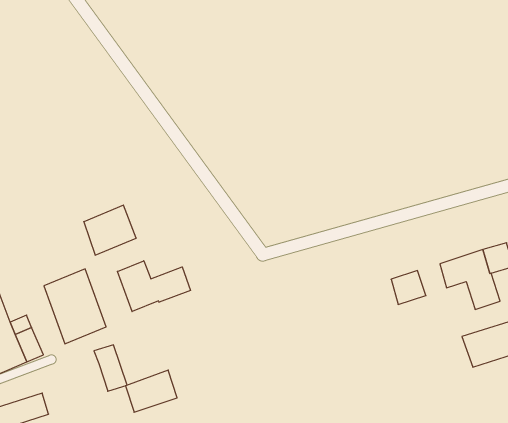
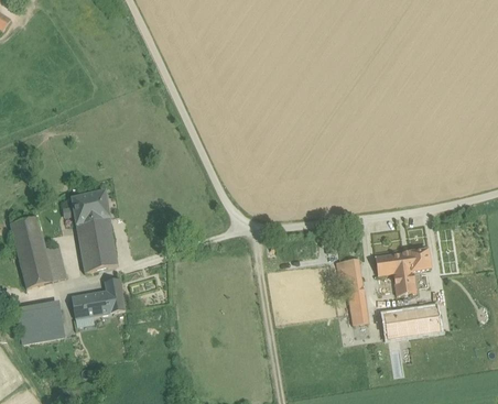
building: [84,205,136,255] -> [69,190,107,225]
building: [117,261,191,312] -> none
building: none -> [338,279,367,325]
building: [125,370,177,412] -> [72,290,109,317]

